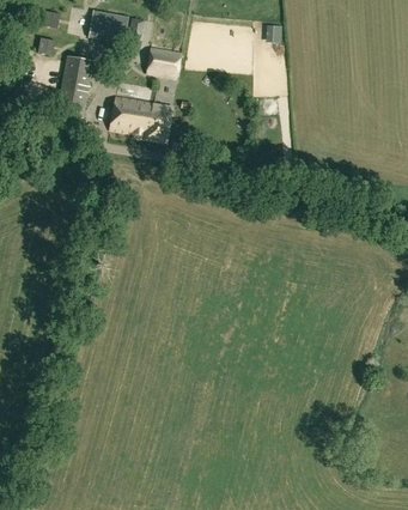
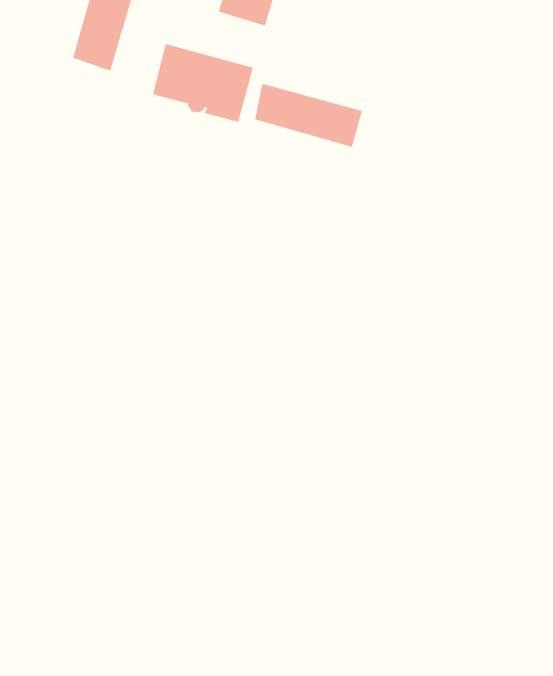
building: none -> [254,83,363,148]

